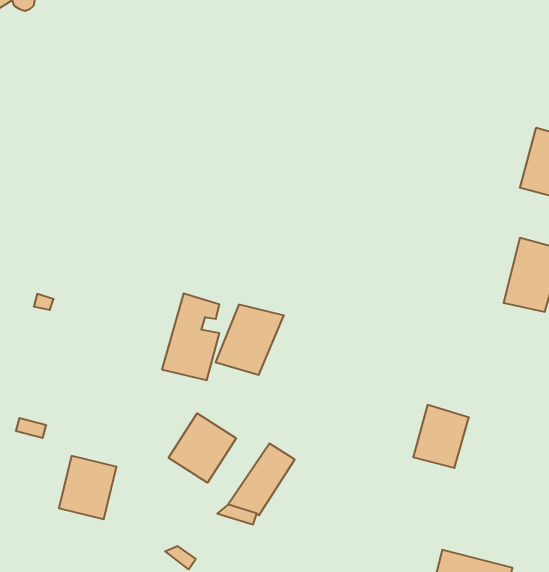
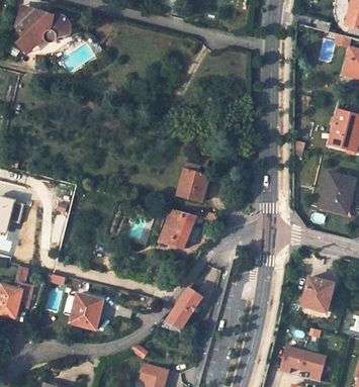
building: [162,294,219,380] -> [176,153,208,201]
building: [413,405,469,468] -> [301,276,333,311]
building: [169,413,236,483] -> none

